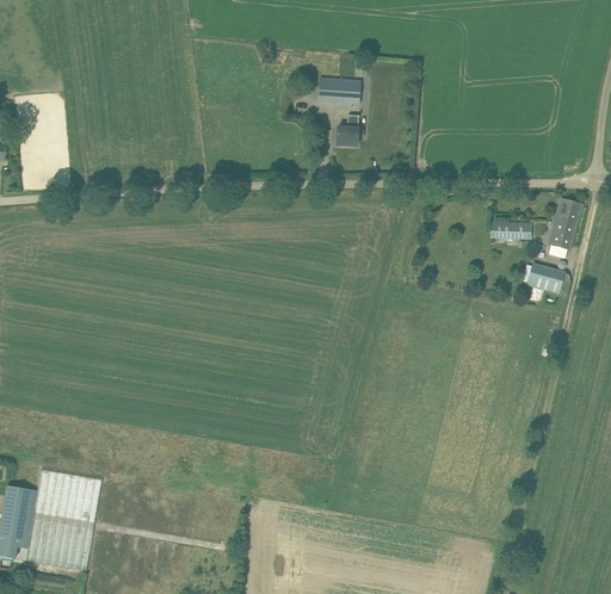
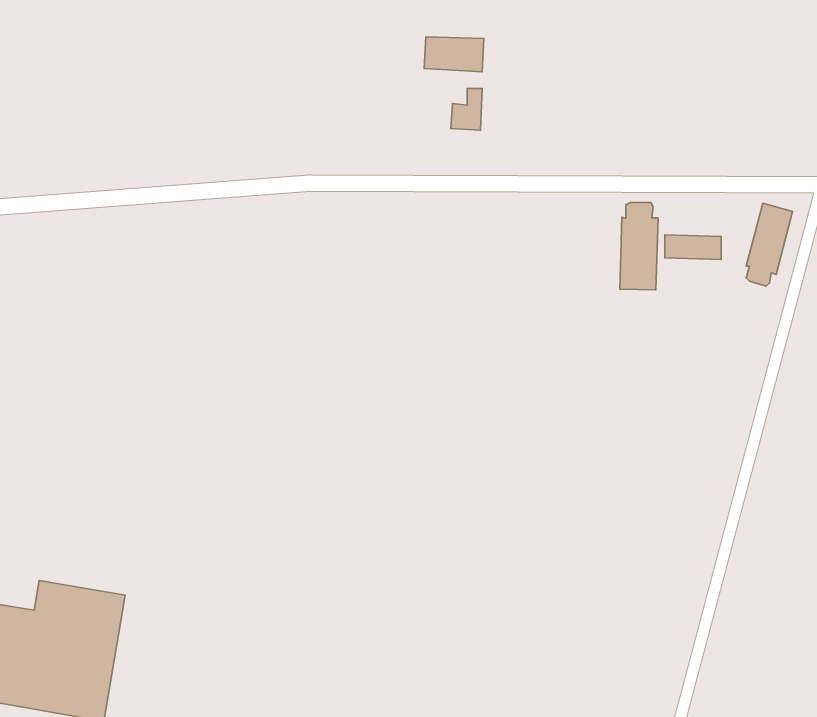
building: none -> [620,202,658,290]
building: [527,262,569,295] -> none

